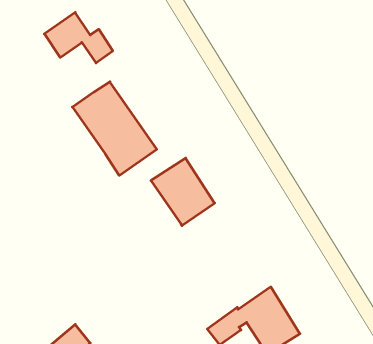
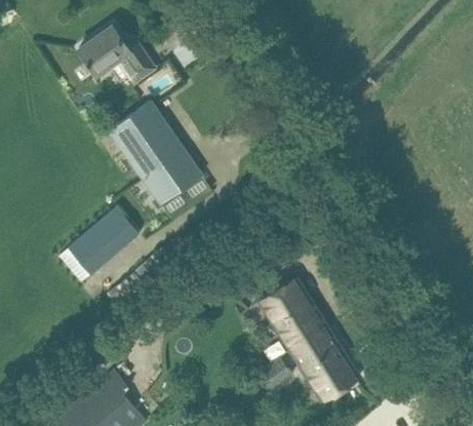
building: [151,158,215,226] -> [258,278,327,352]
building: none -> [57,205,142,284]

